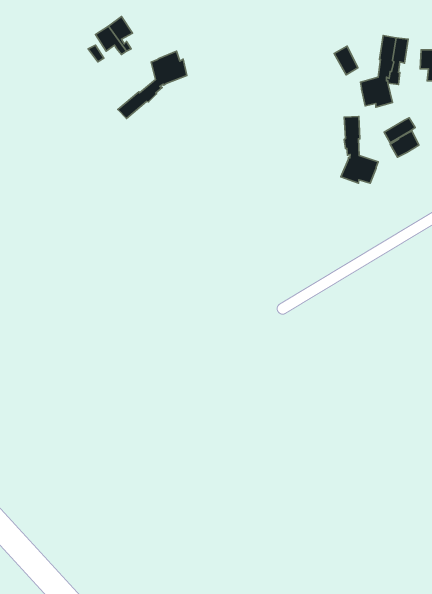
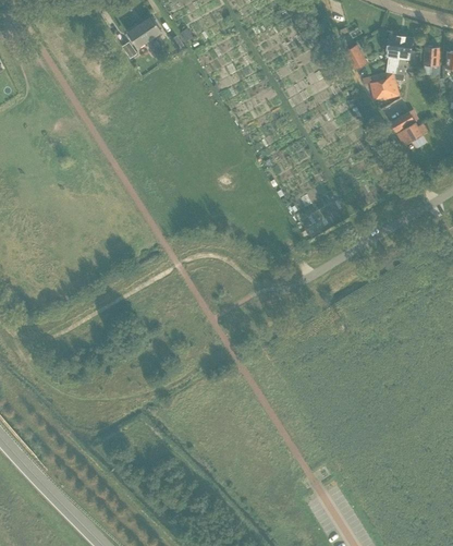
building: [118,51,187,119] -> none
building: [341,117,378,183] -> none

